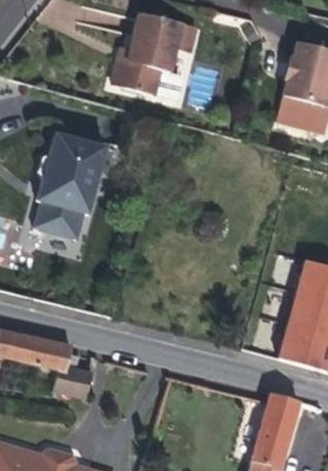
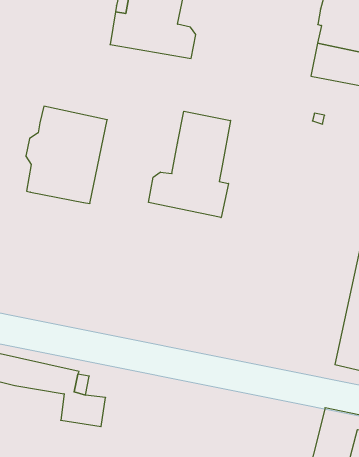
building: none -> [149,111,231,218]
building: [33,202,83,240] -> none

